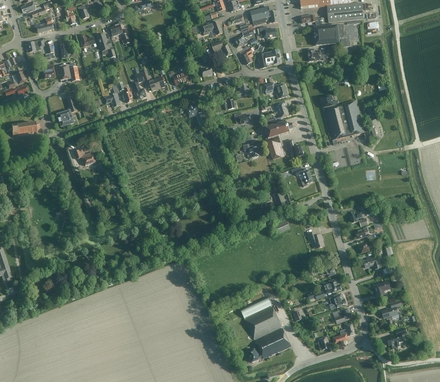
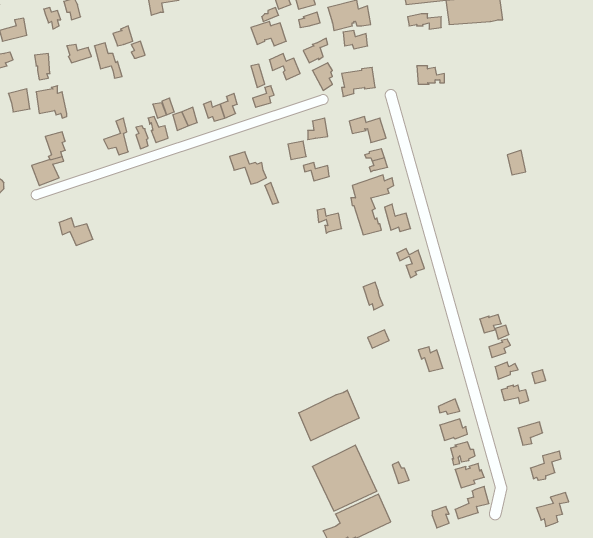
building: [313,24,349,47] -> none
building: [321,95,364,140] -> none
building: none -> [299,390,359,441]

